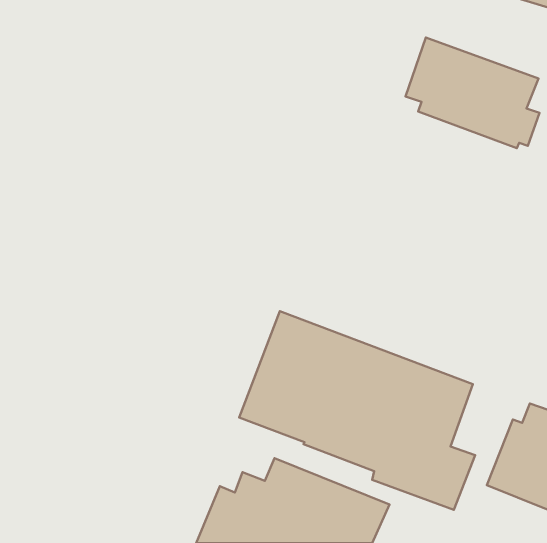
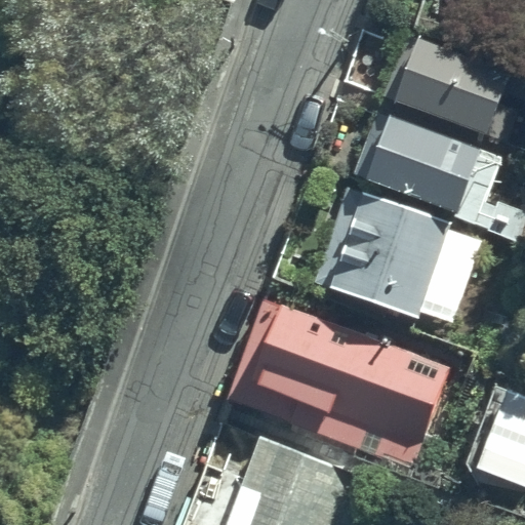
building: none -> [352,108,508,228]
building: none -> [311,187,485,327]

